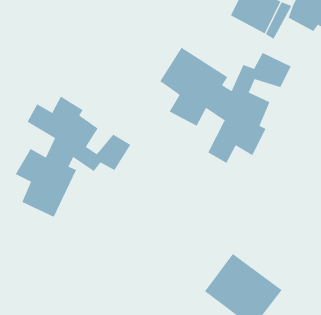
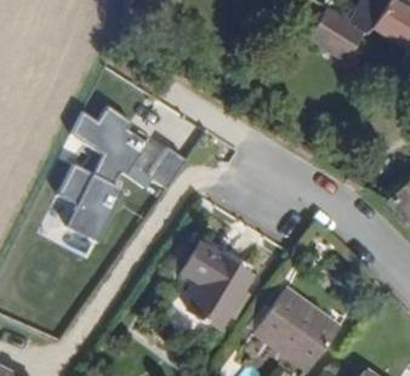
building: [160,47,292,164] -> none
building: none -> [187,241,255,325]

